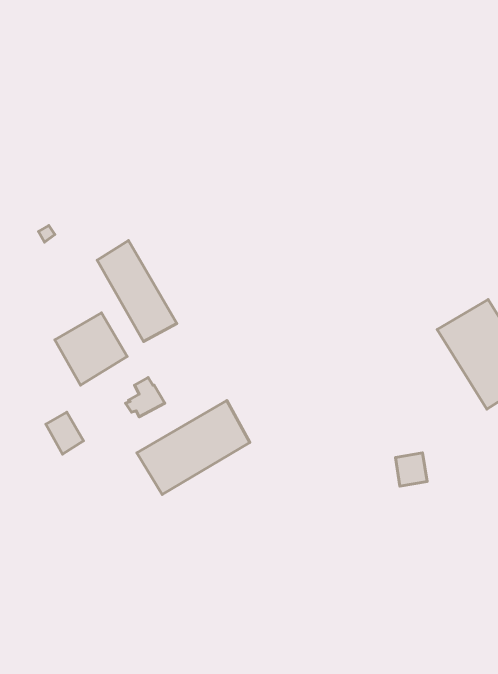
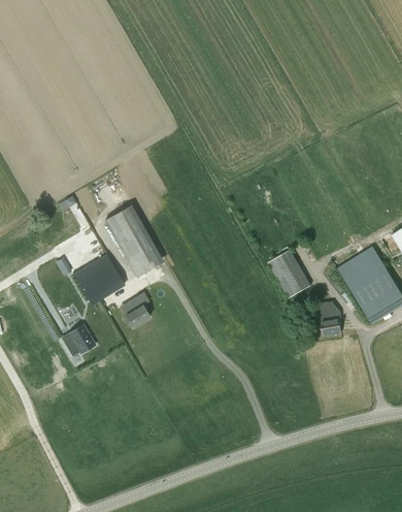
building: none -> [267,249,310,298]
building: [137,400,250,494] -> none
building: [395,453,427,486] -> [320,313,341,335]

